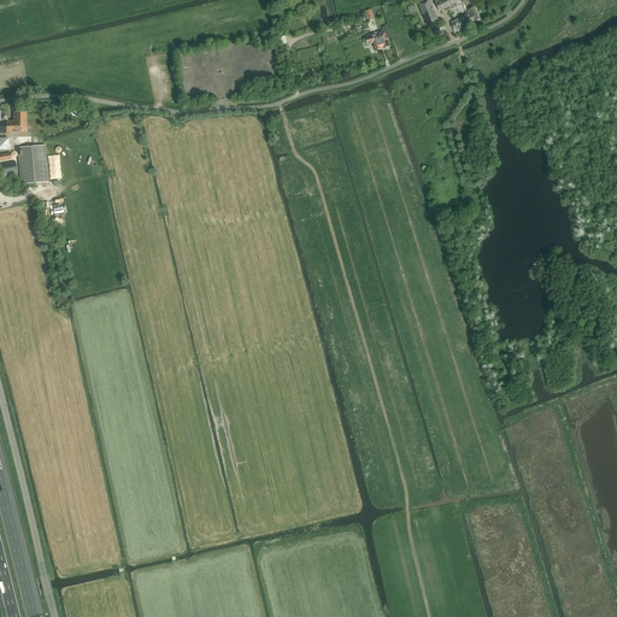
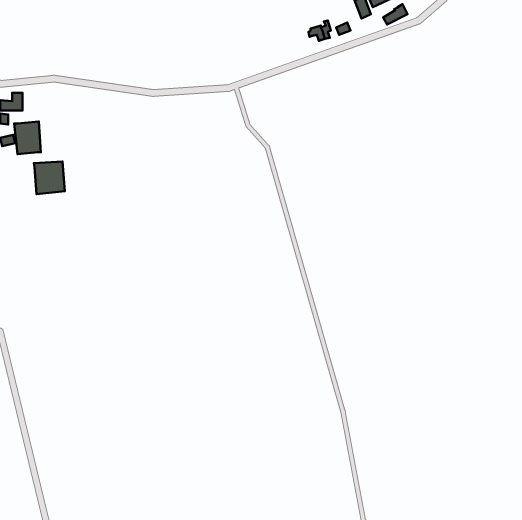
building: none -> [34,161,65,194]

